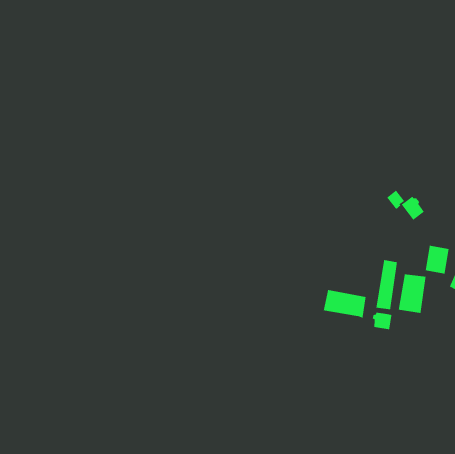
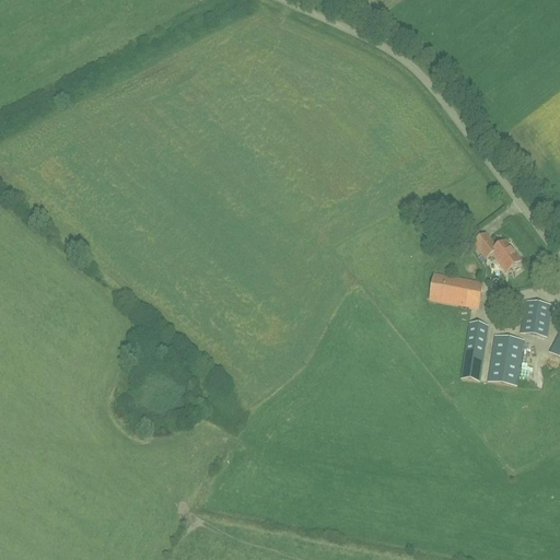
building: [323,289,367,319] -> [430,272,483,308]
building: [372,312,392,330] -> none

